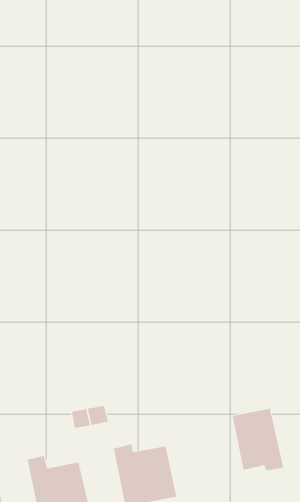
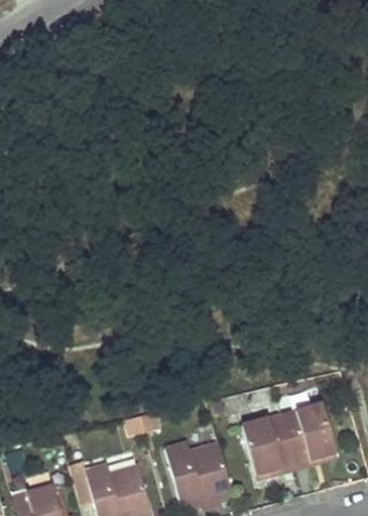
building: none -> [242,413,296,481]

